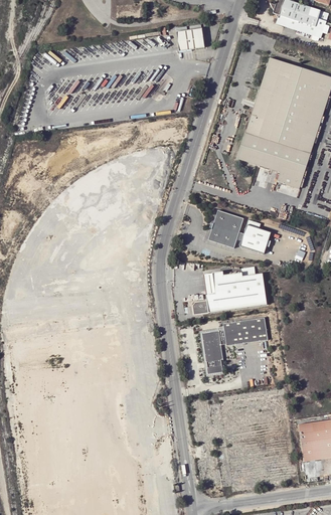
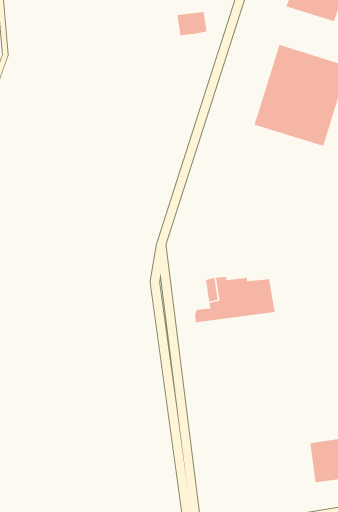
building: [238,132,311,188] -> none
building: [209,209,272,252] -> none
building: [201,317,268,374] -> none

